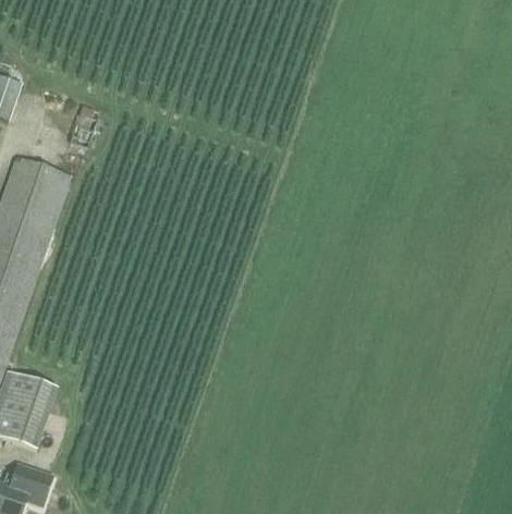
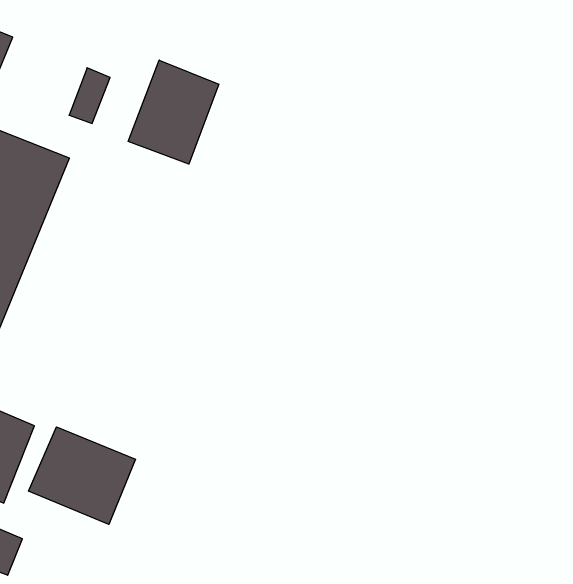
building: none -> [128,60,219,164]
building: none -> [28,427,136,524]

